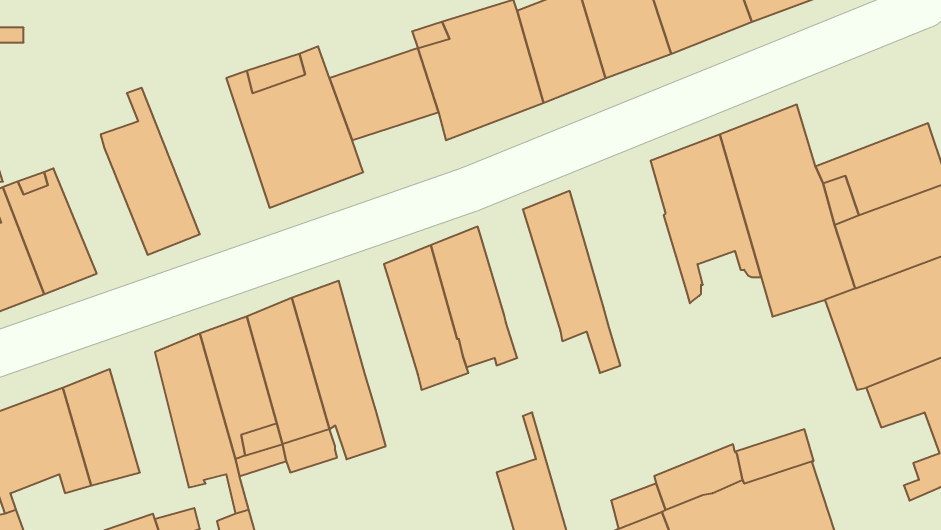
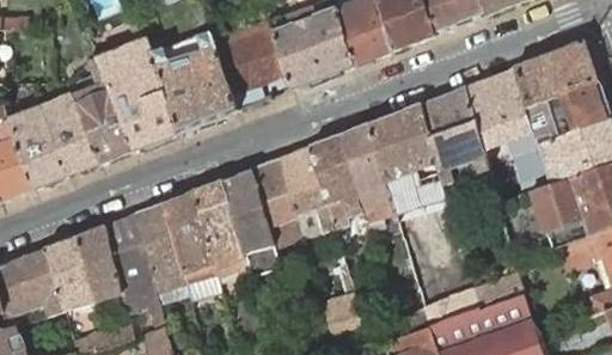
building: none -> [96,18,177,149]
building: none -> [513,41,596,106]
building: none -> [39,94,99,175]
building: none -> [368,103,449,226]
building: none -> [310,134,362,228]
building: none -> [221,169,277,271]
building: none -> [75,225,121,298]

